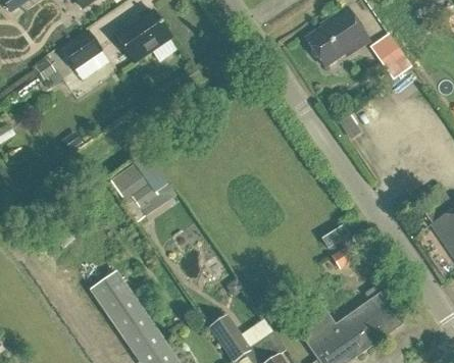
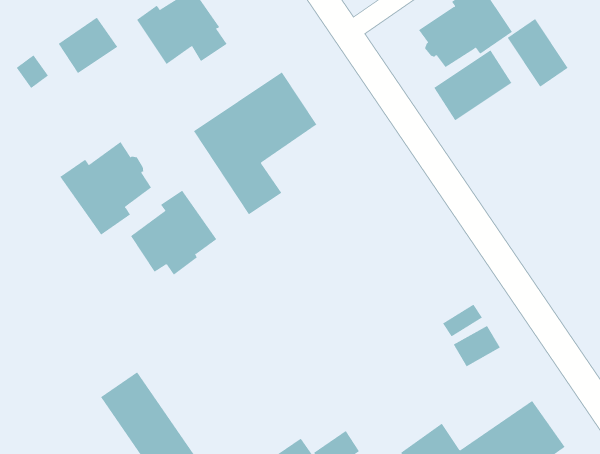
building: none -> [433,50,512,121]
building: none -> [193,72,317,215]
building: none -> [59,141,152,236]

